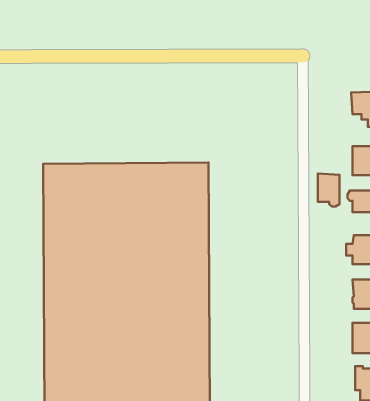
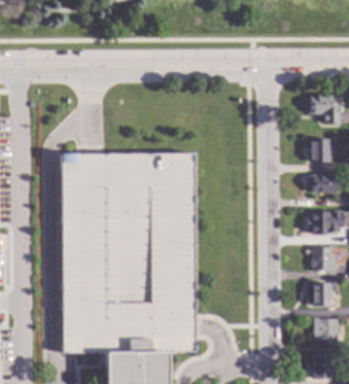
building: [318,174,339,206] -> none

